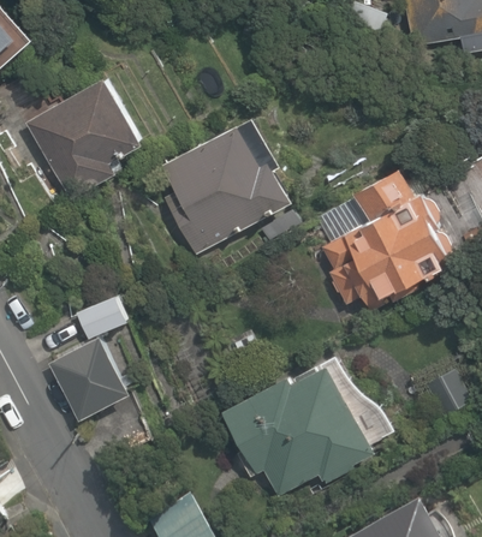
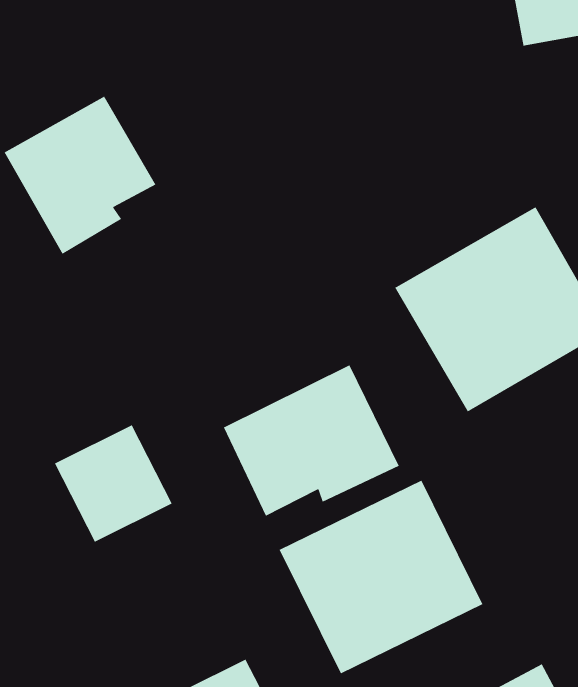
building: [147,113,304,255] -> none
building: none -> [223,364,400,517]

